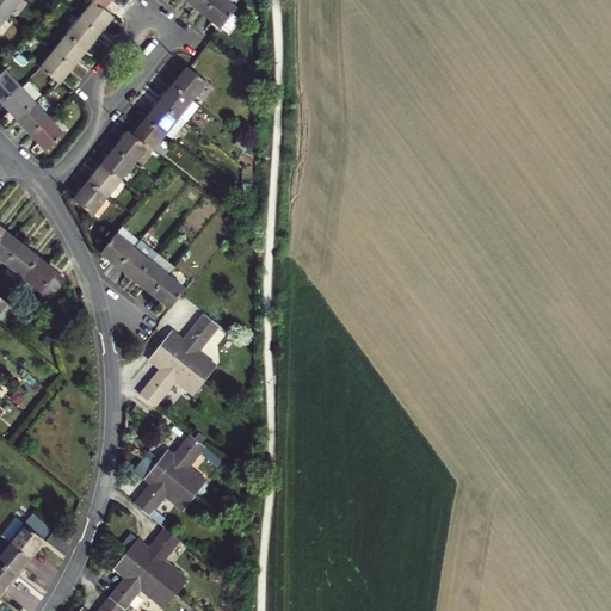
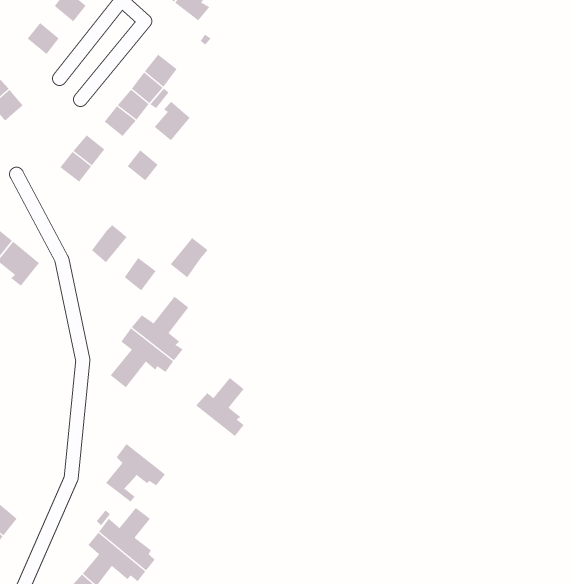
building: [66,17,100,50] -> none
building: [39,50,73,84] -> none
building: none -> [154,101,191,141]
building: [30,118,64,152] -> none
building: [113,131,146,163] -> [127,150,158,181]
building: [73,181,106,215] -> none
building: [99,233,132,266] -> none
building: [134,252,173,294] -> [170,237,209,278]
building: [154,434,204,495] -> [196,377,245,437]

